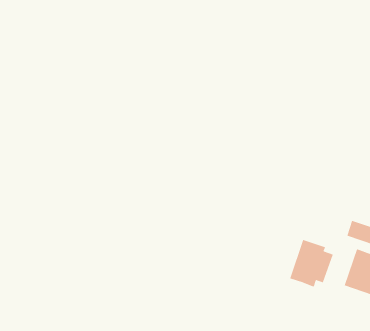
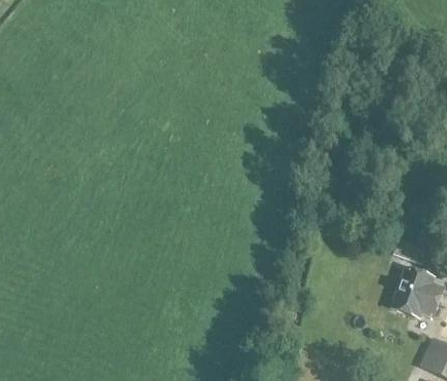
building: [289,239,334,287] -> none

